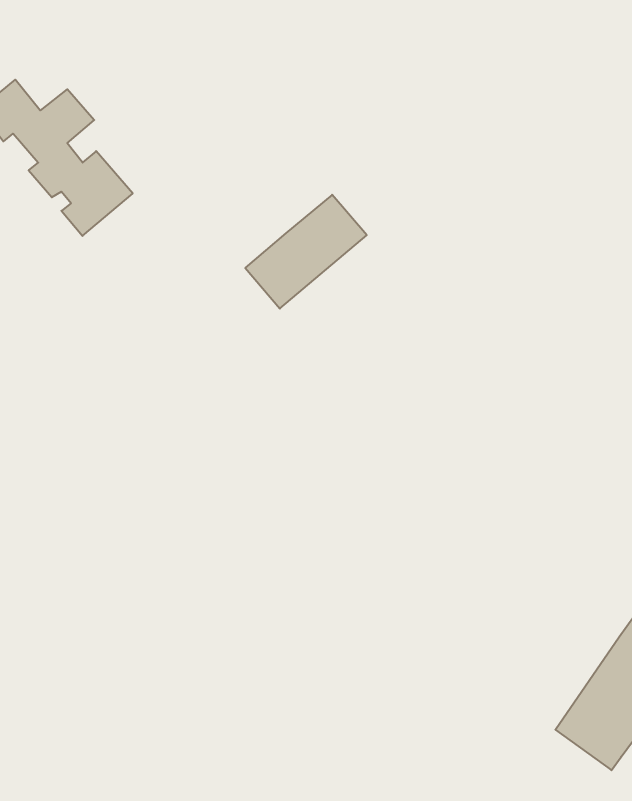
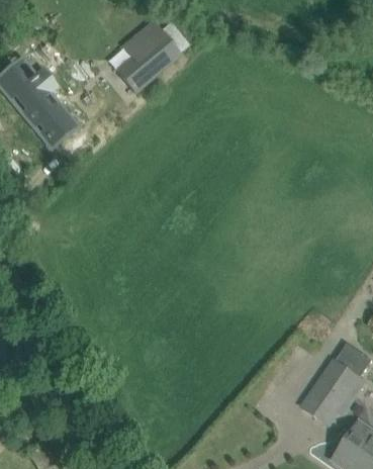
building: [245,195,367,309] -> [116,29,180,89]

